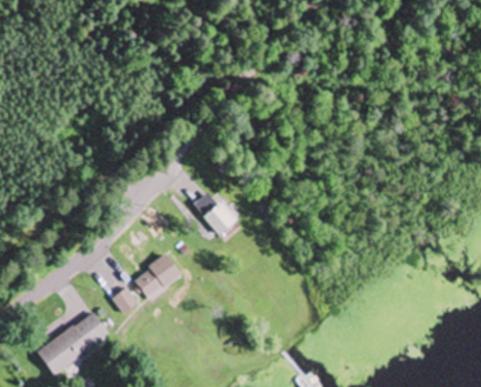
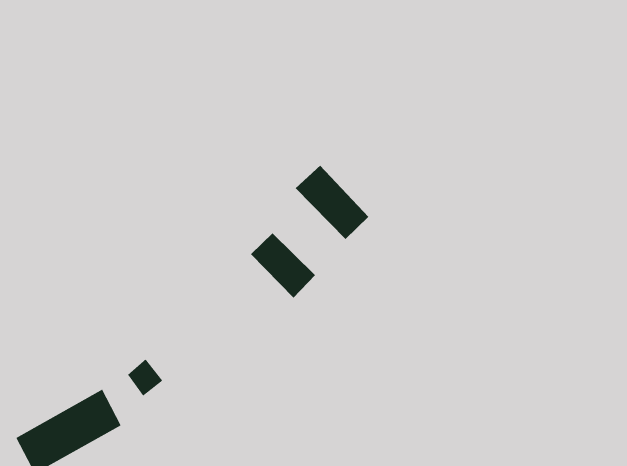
building: none -> [295,165,369,240]
building: [133,254,182,299] -> none

